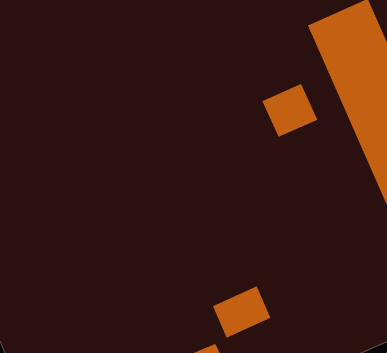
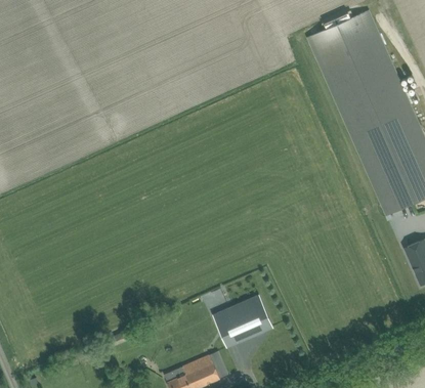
building: [261,83,318,138] -> none

